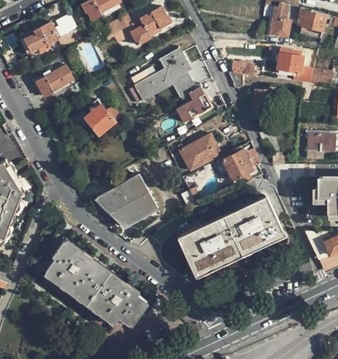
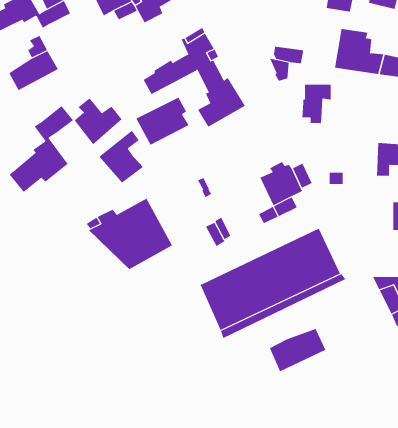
building: none -> [9,105,74,193]
building: none -> [98,130,144,184]
building: [178,135,218,171] -> [135,97,190,145]
building: [44,241,146,327] -> none
building: none -> [269,328,326,372]

